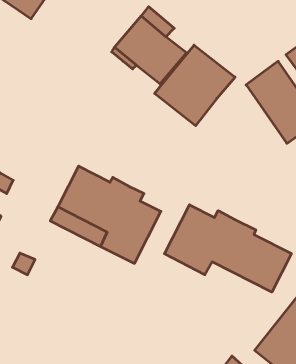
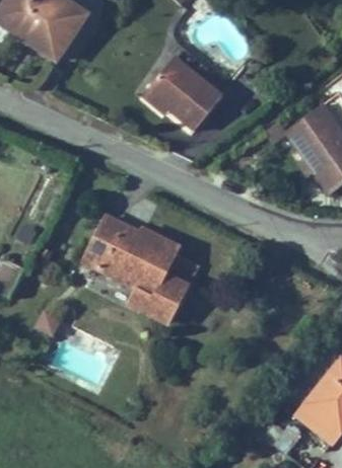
building: [155,45,235,126] -> none
building: [164,205,291,292] -> none

